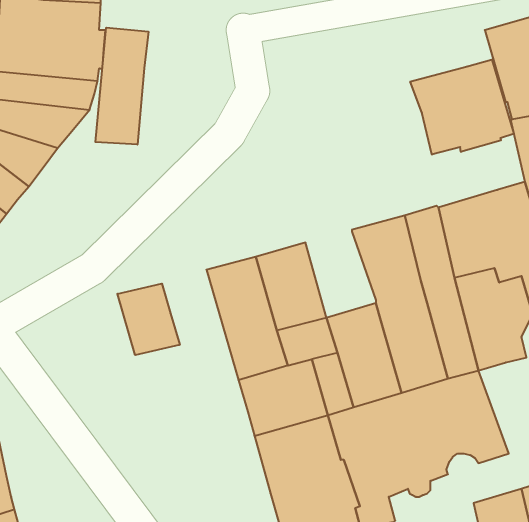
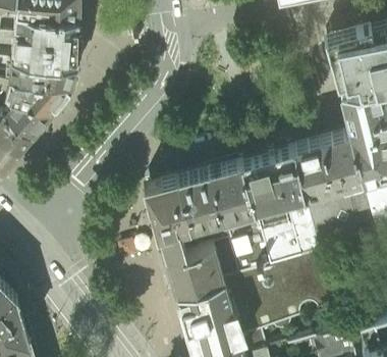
building: [95,28,148,145] -> none
building: [410,60,514,155] -> none
building: none -> [208,162,253,217]
building: [117,284,180,355] -> none

